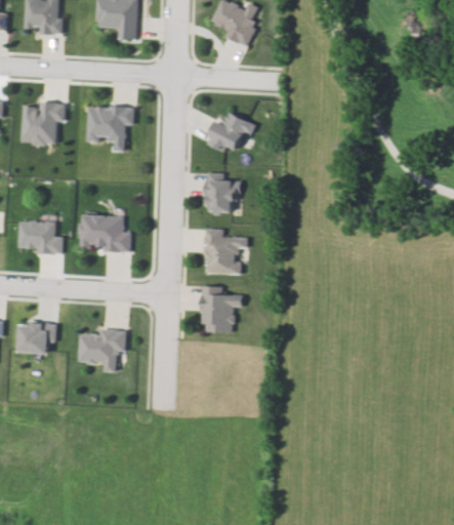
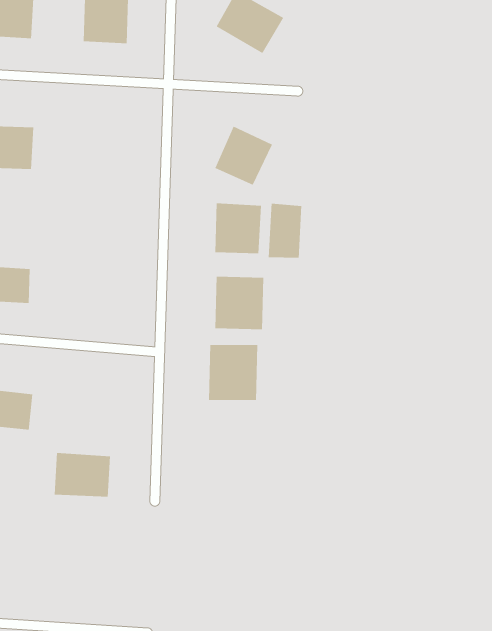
building: [86,107,130,145] -> none
building: none -> [268,203,302,259]
building: [80,215,125,248] -> none
building: [78,327,125,364] -> [54,453,111,497]

